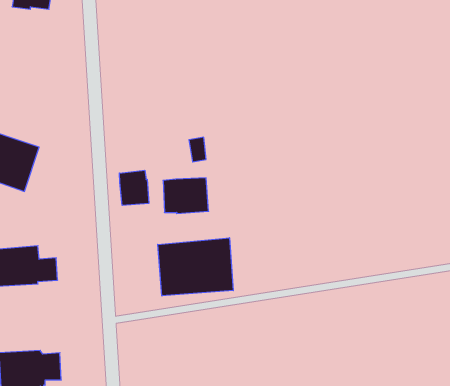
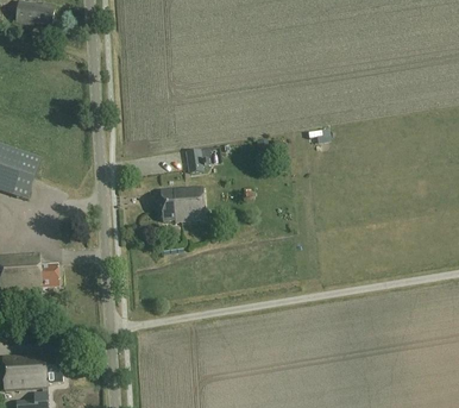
building: [119,170,149,205] -> none
building: [158,238,233,296] -> none

